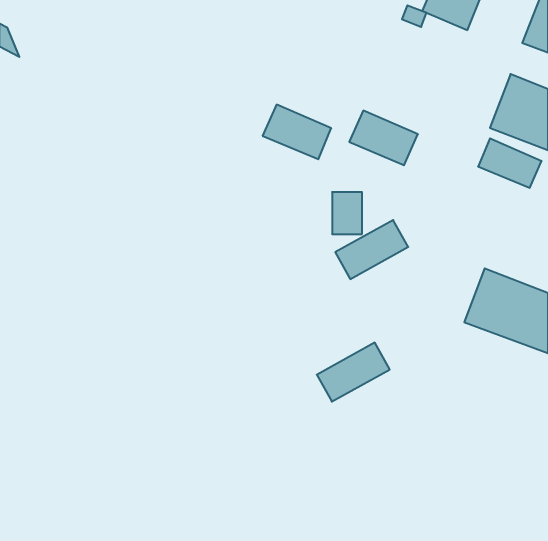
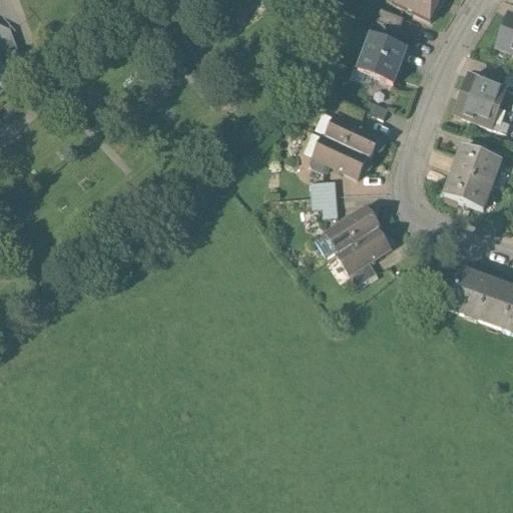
building: none -> [359,33,417,92]
building: [263,105,331,159] -> [313,132,377,183]
building: none -> [435,155,494,201]
building: [317,343,390,402] -> [327,230,395,286]

